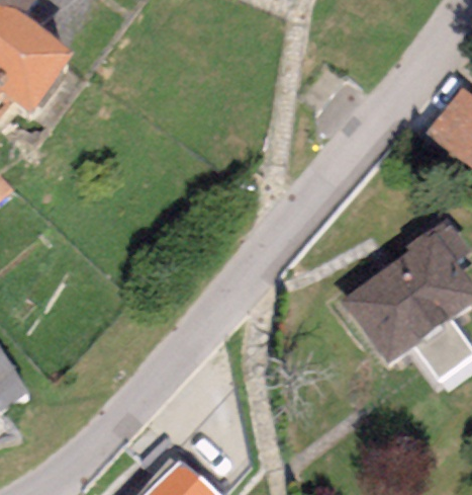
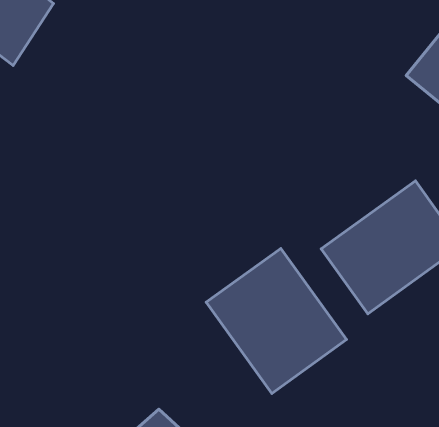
building: none -> [206,248,347,393]

